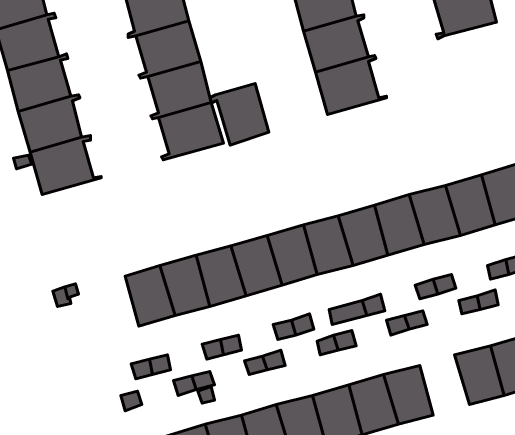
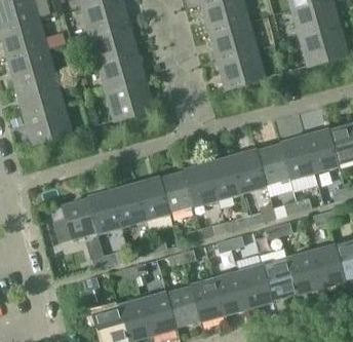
building: none -> [303,27,347,66]
building: [210,84,269,145] -> none
building: none -> [51,199,95,243]
building: none -> [286,253,320,294]

